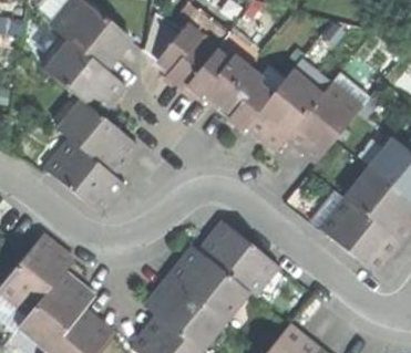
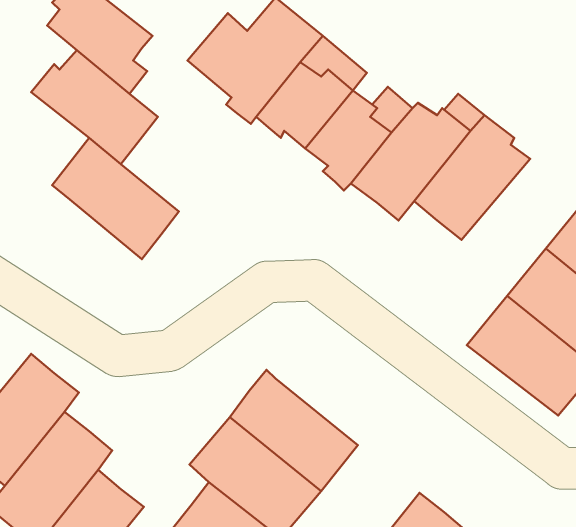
building: [45,137,126,216] -> none
building: [198,220,279,295] -> none

